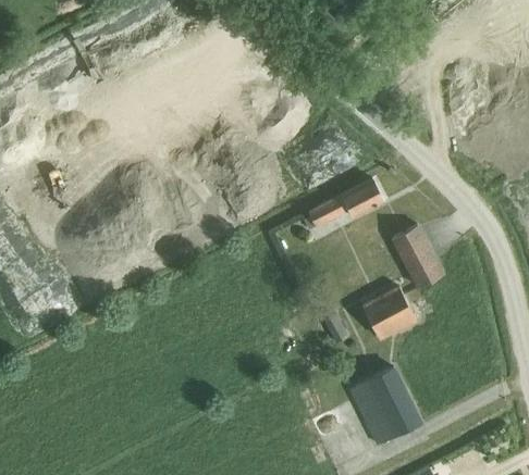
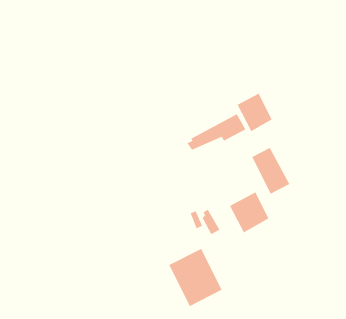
building: none -> [237,93,272,132]
building: [349,365,422,445] -> [169,248,222,307]

